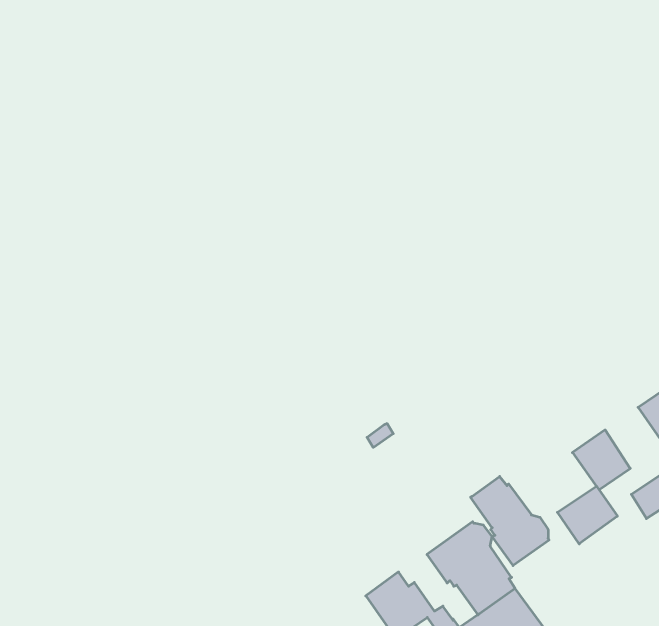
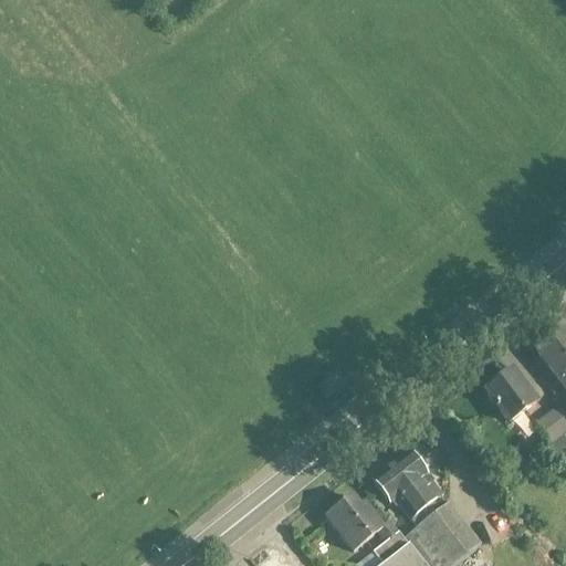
building: [471,476,549,566] -> none
building: [557,486,617,544] -> none

